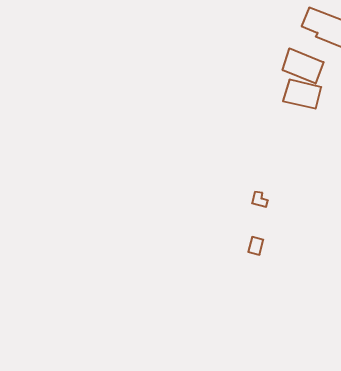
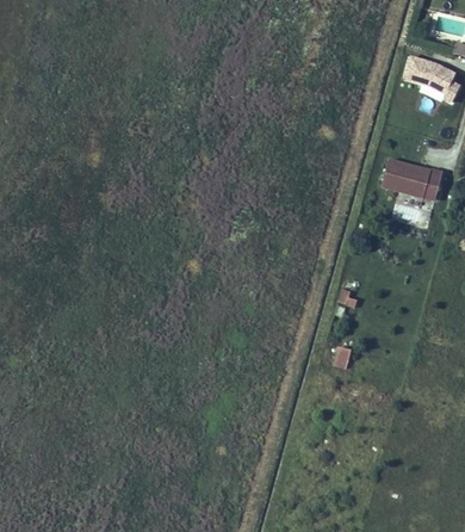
building: [283,48,324,84] -> none

